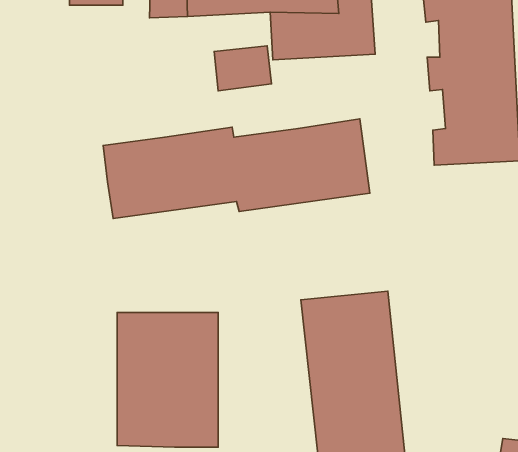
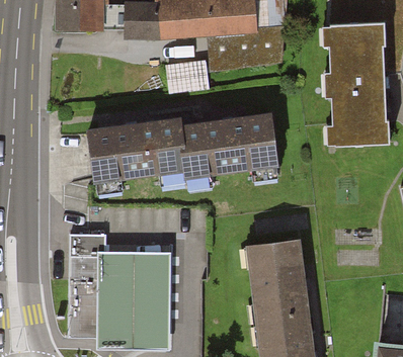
building: none -> [71,236,107,337]

